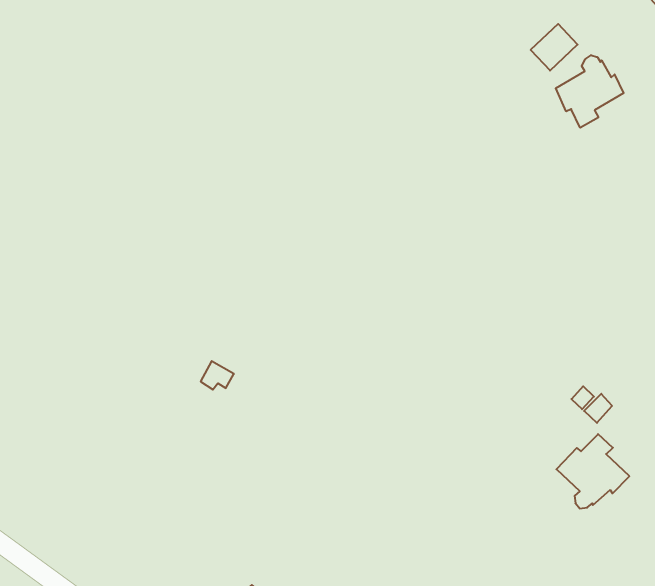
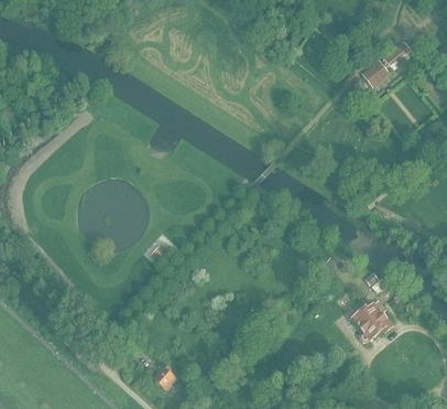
building: [556,55,624,128] -> none

